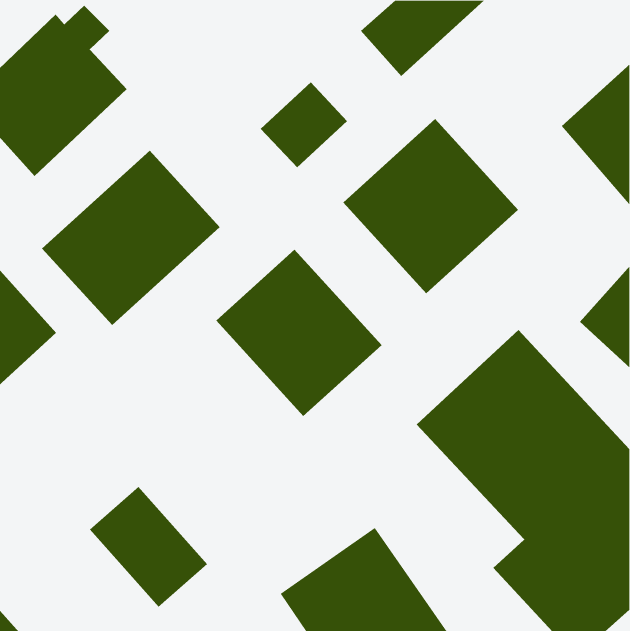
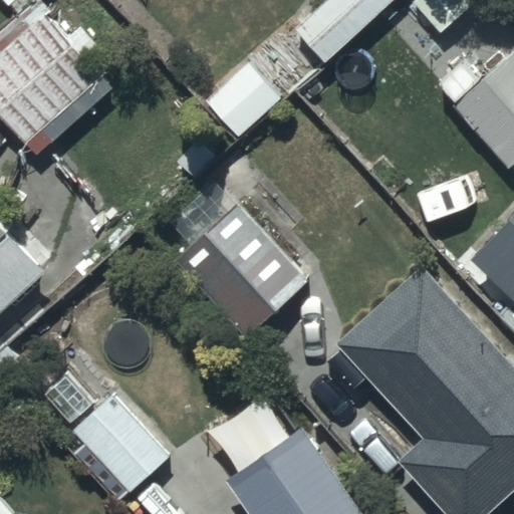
building: [342,118,519,294] -> none
building: [41,150,221,326] -> none

